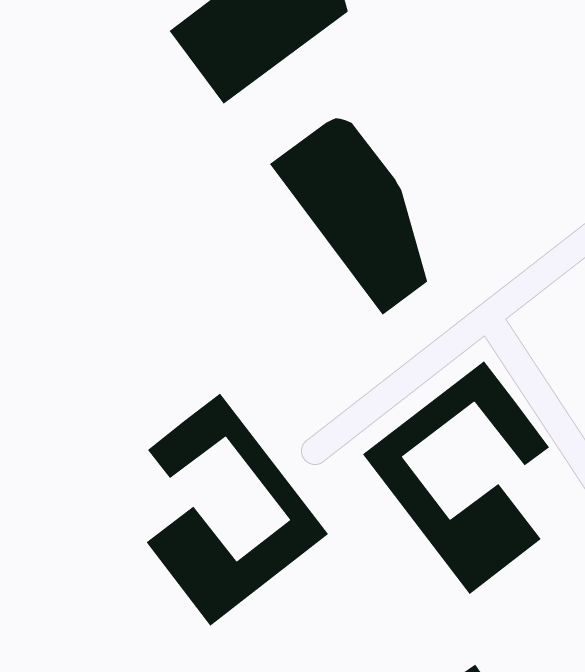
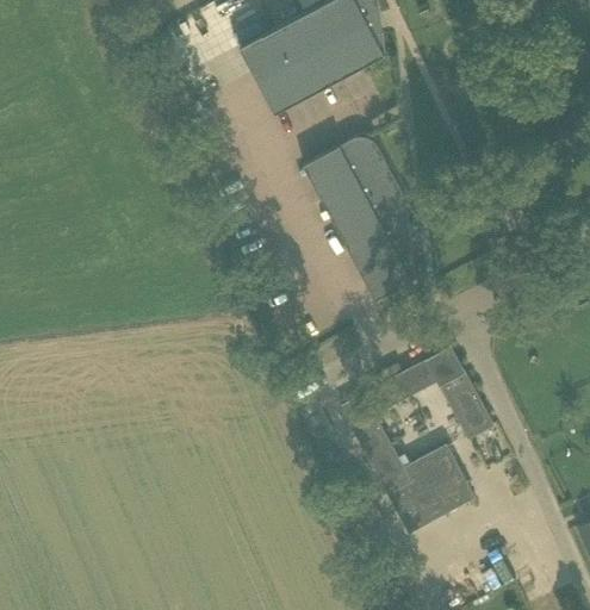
building: [146,392,329,627] -> none

